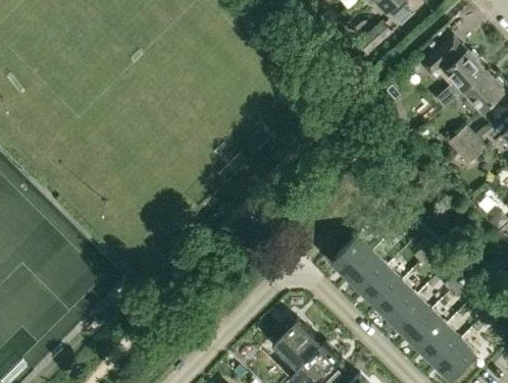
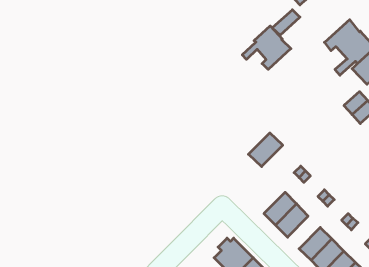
building: none -> [242,26,291,69]
building: [329,236,372,278] -> [248,133,283,167]
building: [375,281,416,322] -> none

